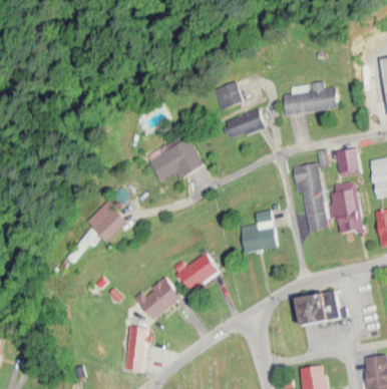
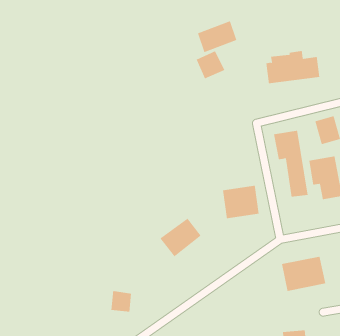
building: [225,107,266,140] -> [197,20,237,53]
building: [146,143,206,189] -> none
building: [82,202,125,245] -> none
building: [133,276,181,321] -> none

